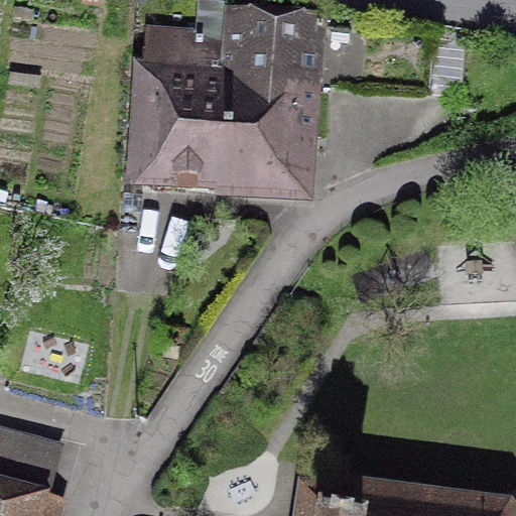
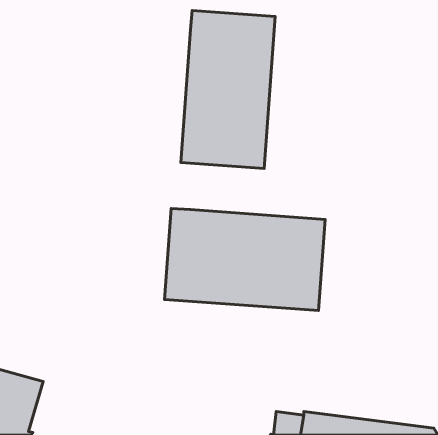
building: [127,28,222,189] -> none
building: none -> [164,208,325,311]

